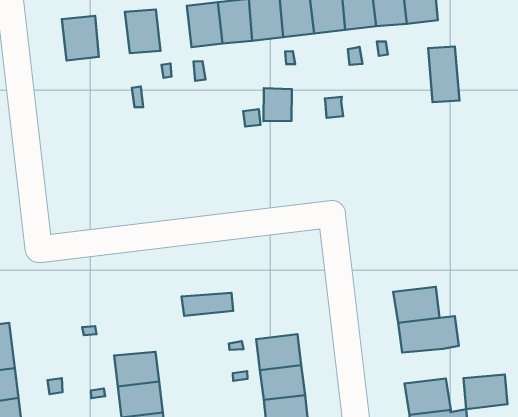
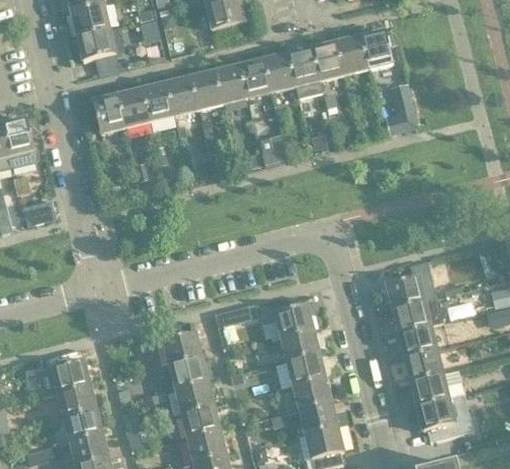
building: none -> [166,76,199,115]
building: none -> [118,87,150,126]
building: none -> [274,303,313,336]
building: none -> [162,331,201,363]
building: [464,375,507,409] -> [398,325,436,356]

